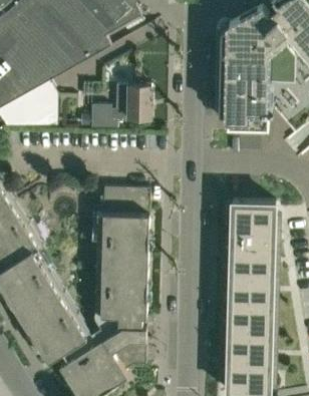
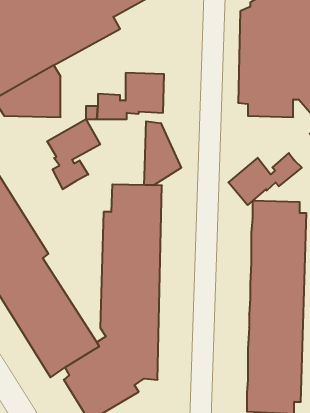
building: none -> [47,119,100,189]
building: none -> [144,121,181,185]
building: none -> [228,153,302,205]

